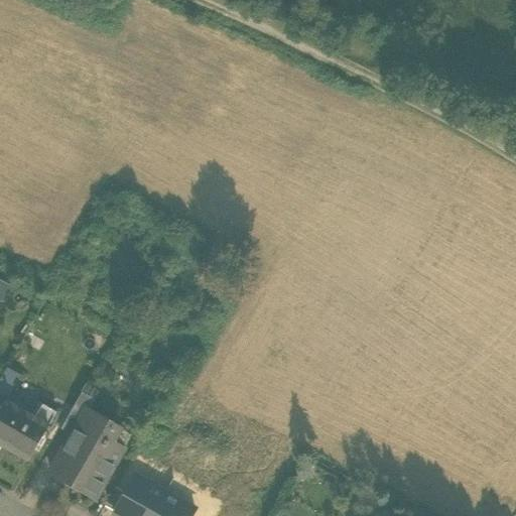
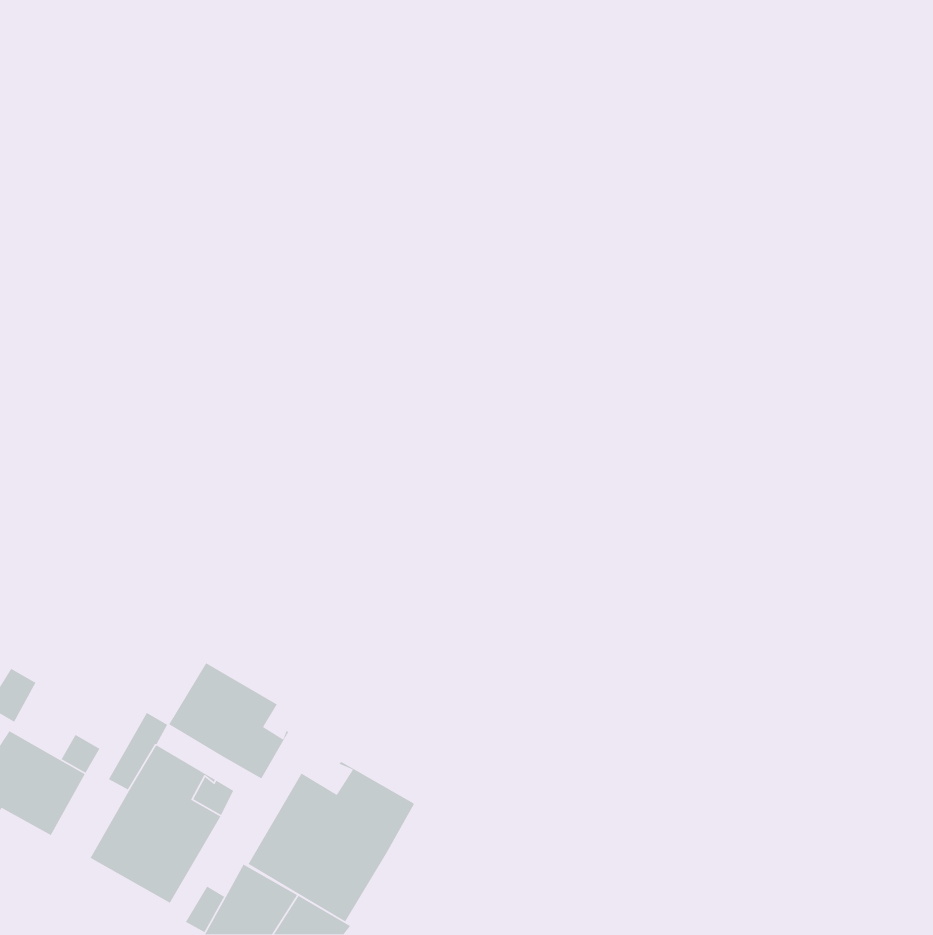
building: none -> [168,662,289,779]
building: none -> [248,761,415,922]

